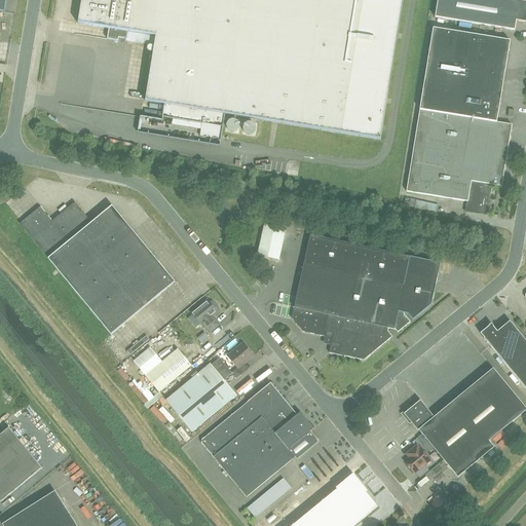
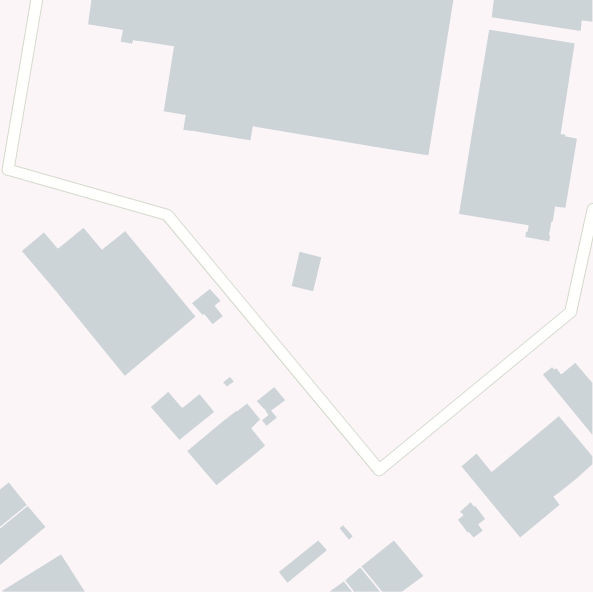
building: [291,232,440,359] -> none
building: [190,298,219,331] -> [191,288,224,325]
building: [200,382,318,495] -> none

